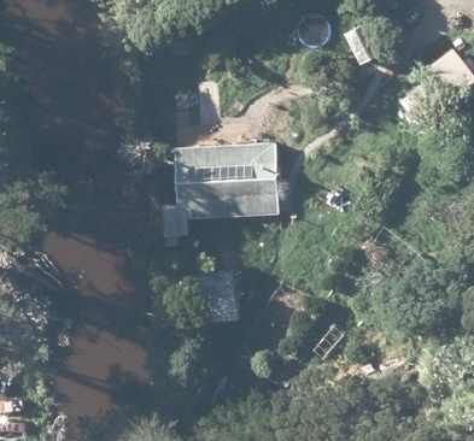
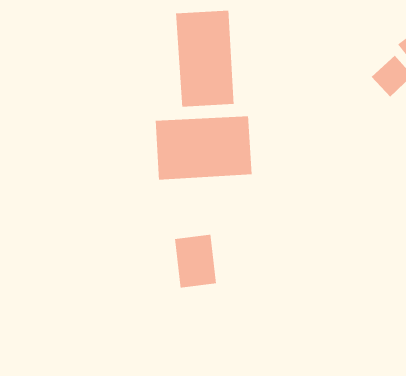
building: none -> [176,10,234,107]

